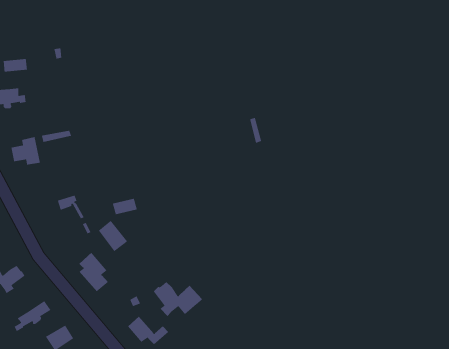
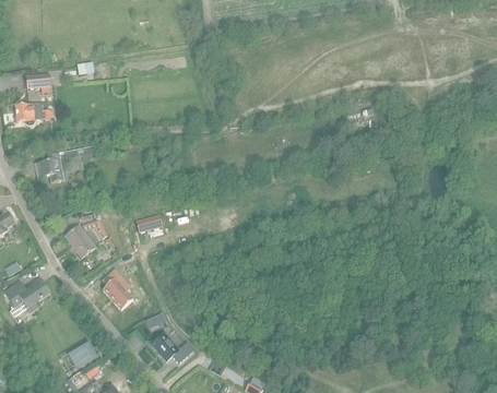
building: [98,220,128,252] -> [66,225,96,258]
building: [153,281,203,317] -> none
building: [13,300,51,332] -> none

